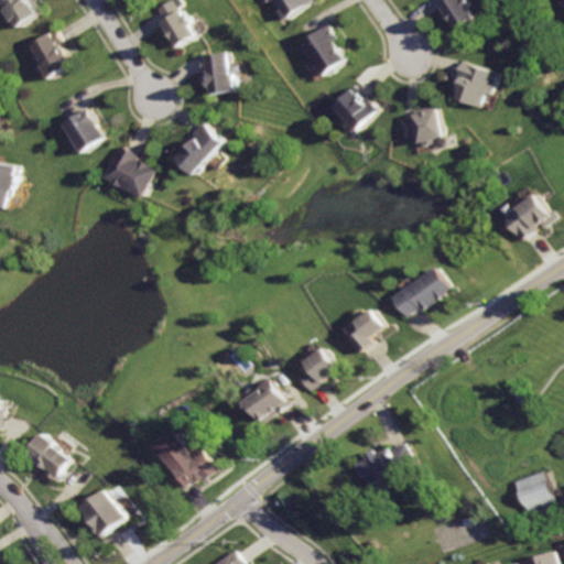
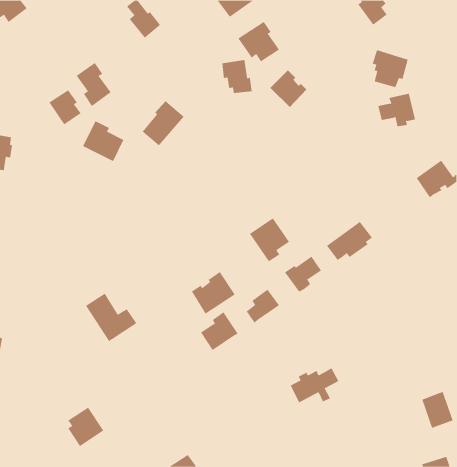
building: [23,28,66,82] -> [76,62,112,107]
building: [193,51,230,91] -> [221,60,252,93]
building: [392,105,438,145] -> [378,93,416,127]
building: none -> [249,217,290,262]
building: none -> [191,271,235,315]
building: [150,430,213,489] -> [85,293,137,342]
building: [28,433,72,480] -> none

